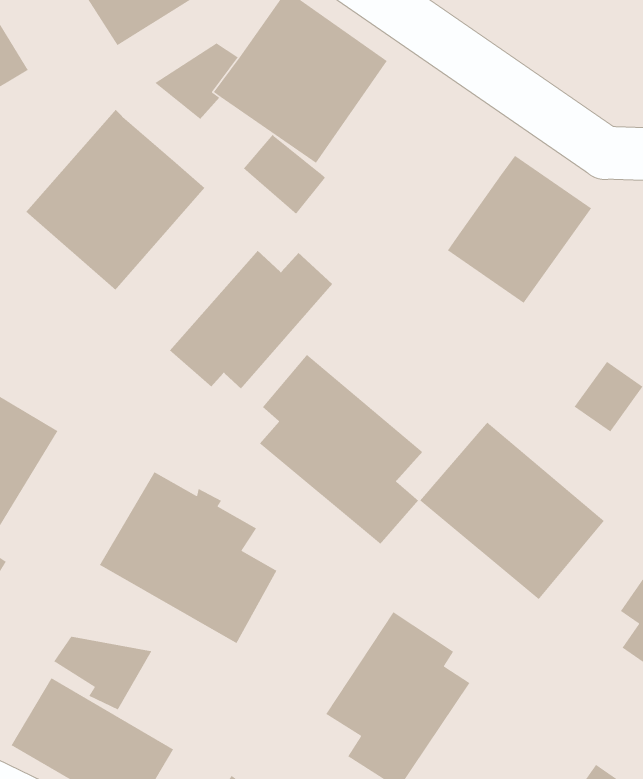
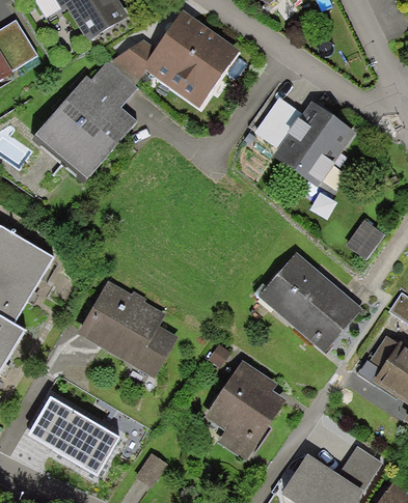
building: [243,134,326,215] -> [90,60,137,106]
building: none -> [254,96,303,148]
building: [169,250,333,390] -> none
building: [259,354,423,545] -> none
building: [53,636,153,711] -> none

